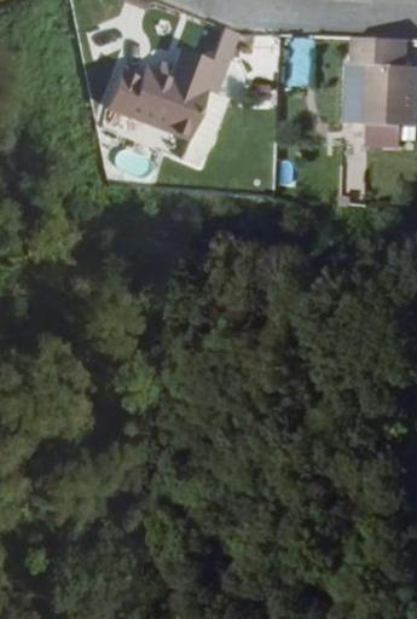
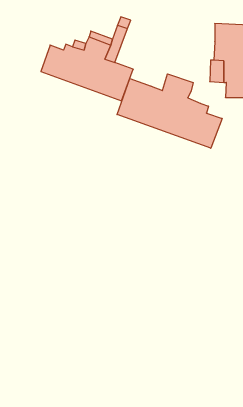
building: none -> [117,74,222,148]

